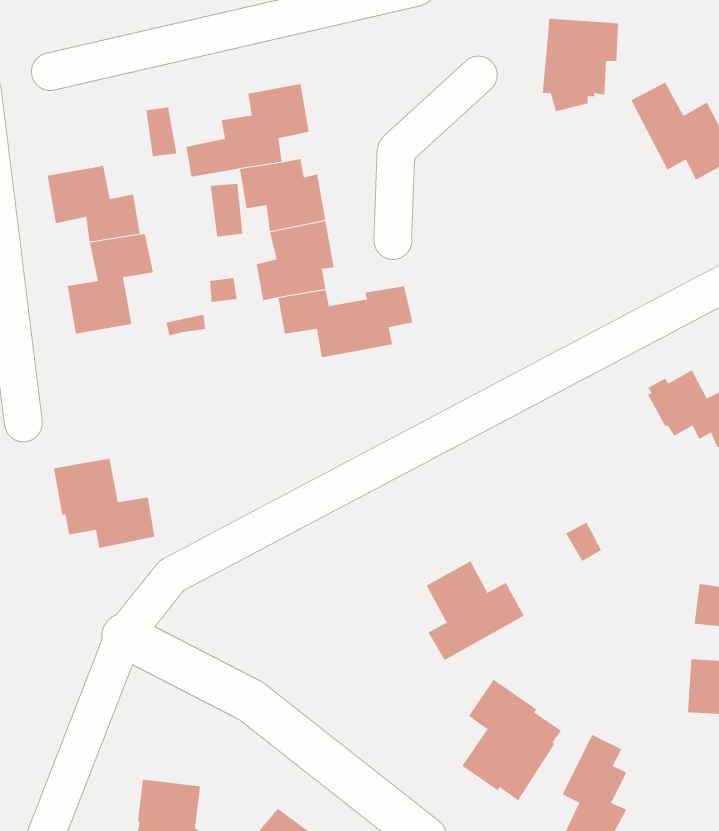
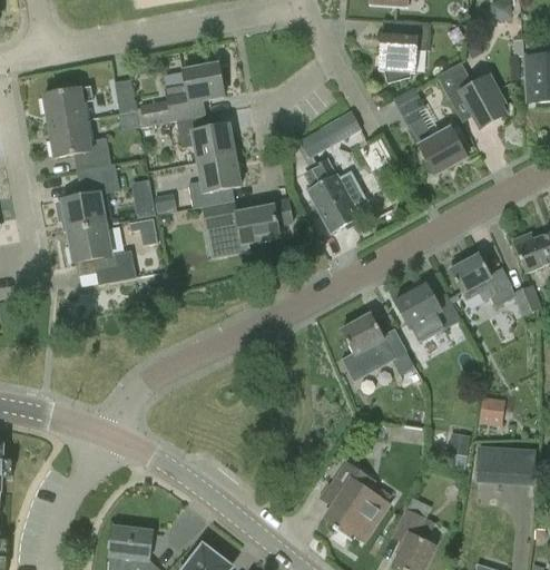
building: none -> [43,85,92,125]
building: none -> [394,88,468,175]
building: none -> [318,110,361,147]
building: [210,184,243,237] -> [134,178,156,214]
building: none -> [302,156,366,232]
building: none -> [394,282,461,328]
building: [53,458,155,549] -> [68,224,136,284]
building: [426,561,524,661] -> [341,314,406,381]

